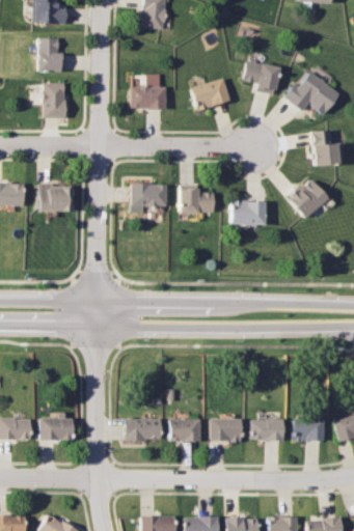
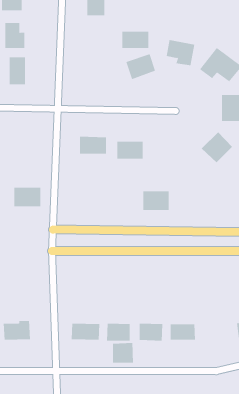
building: [132,86,167,108] -> [121,31,149,48]
building: [40,186,76,211] -> [13,187,41,207]
building: [233,200,267,225] -> [143,191,170,210]
building: [292,419,323,442] -> none
building: none -> [113,342,134,364]

